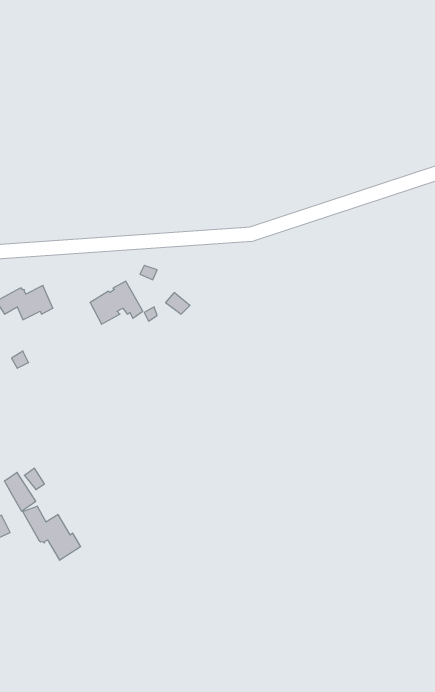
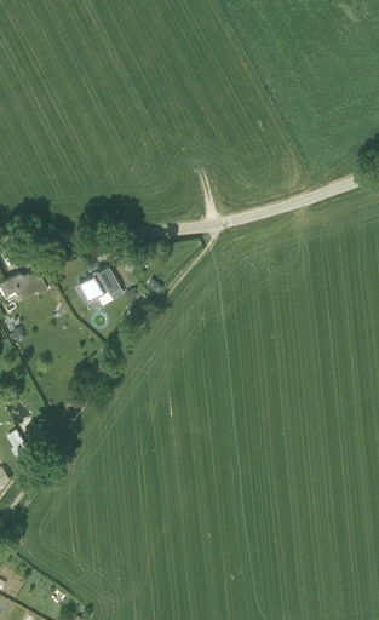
building: [23,506,81,560] -> none

